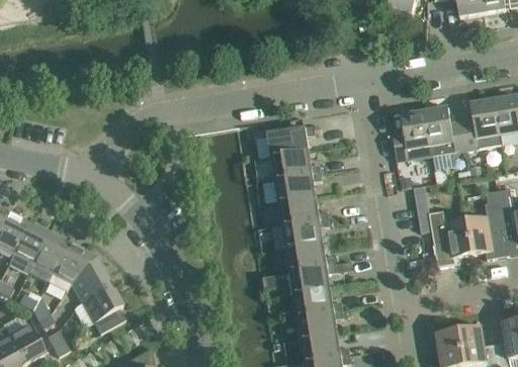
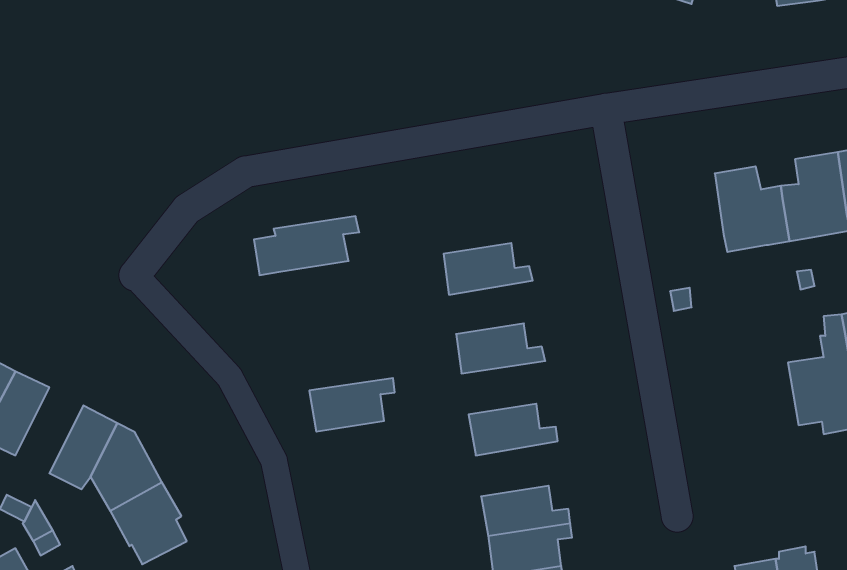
building: [392,111,431,162] -> none
building: [255,125,315,159] -> [254,216,359,275]
building: [273,172,322,202] -> none
building: [413,185,471,267] -> none
building: [280,217,329,248] -> [309,378,395,432]
building: [27,233,66,281] -> none
building: [288,263,336,294] -> none

